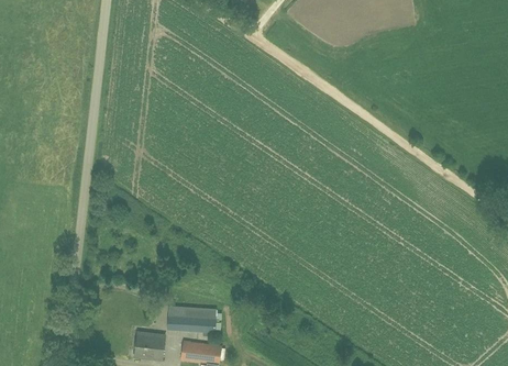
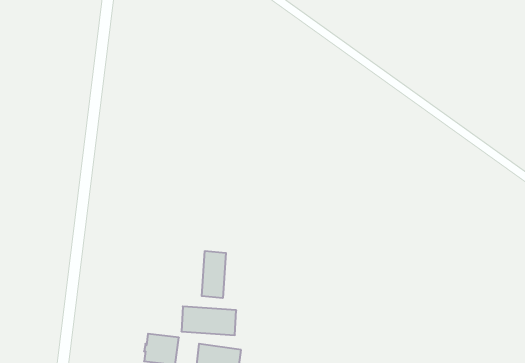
building: none -> [202,251,226,298]

